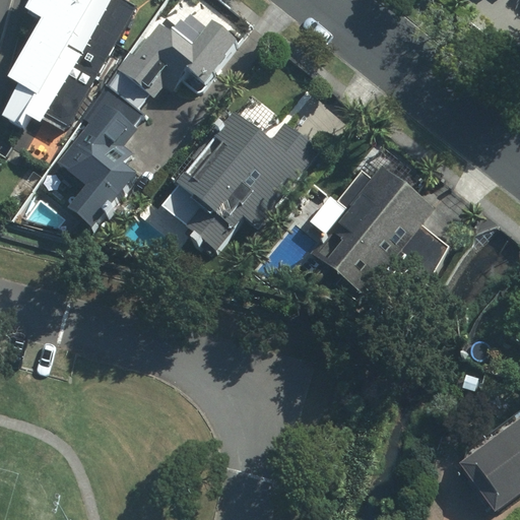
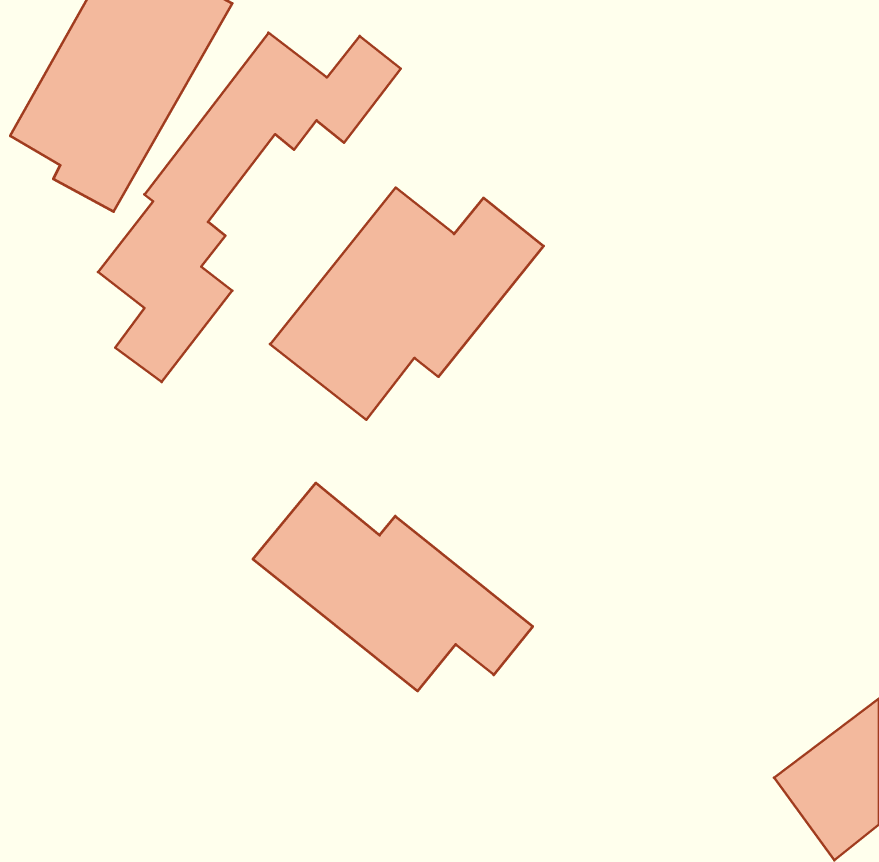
building: [310,166,449,294] -> none
building: none -> [253,483,533,691]

